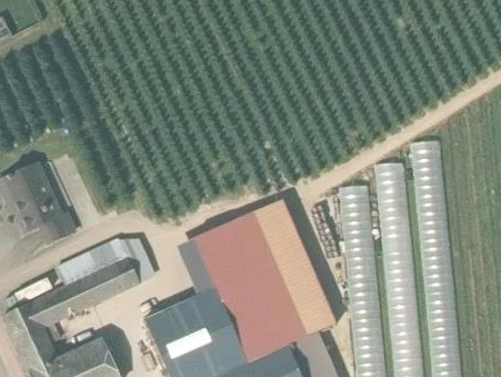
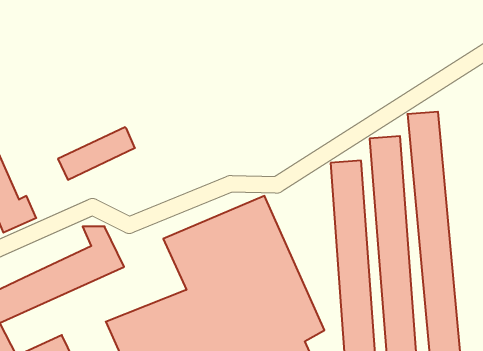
building: [54,236,124,284] -> [58,127,135,180]

